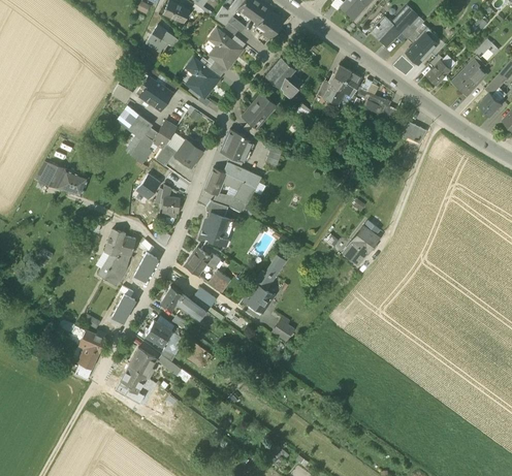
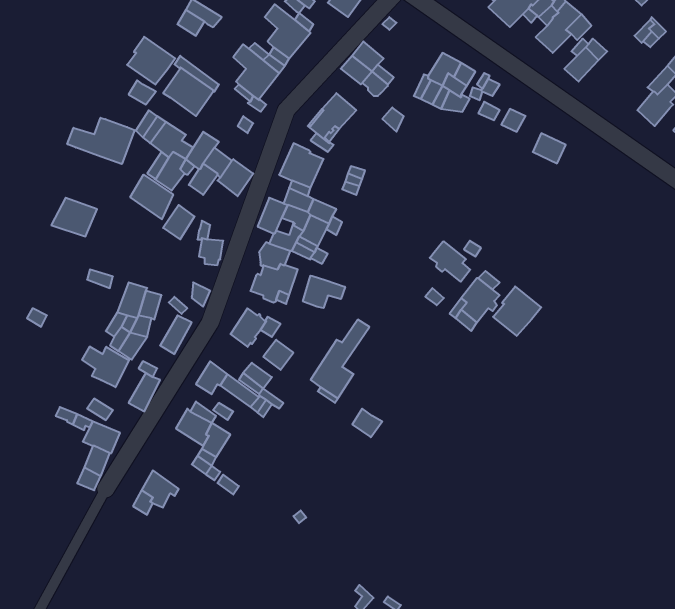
building: none -> [127,37,175,85]
building: [451,59,487,96] -> none
building: none -> [67,118,136,164]
building: none -> [130,175,173,219]
building: [39,163,66,188] -> none
building: none -> [430,241,470,282]
building: none -> [303,276,345,308]
building: none -> [493,286,541,336]
building: none -> [82,346,129,387]
building: [129,348,155,378] -> none

